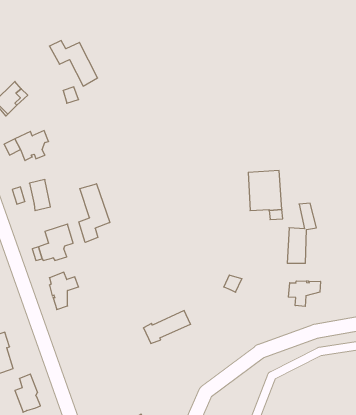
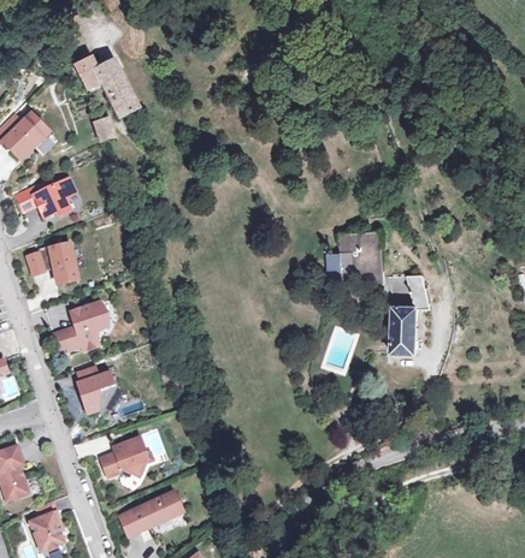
building: [79,184,110,242] -> none
building: [288,281,320,306] -> none
building: [143,311,191,343] -> [119,493,182,536]
building: none -> [100,438,146,476]

